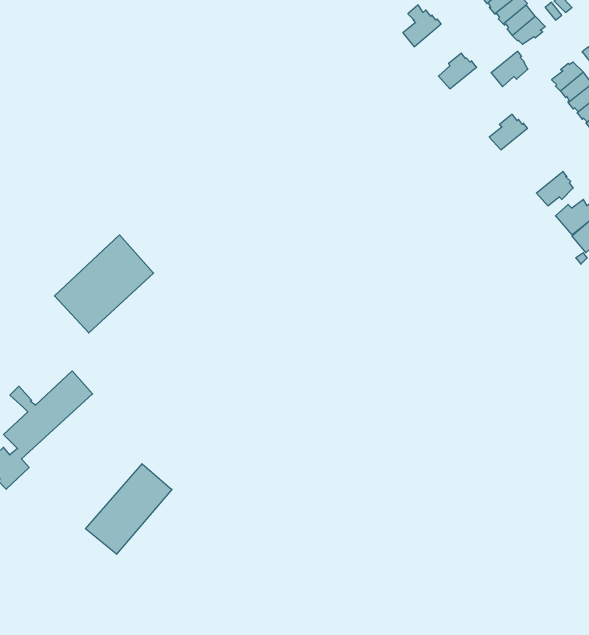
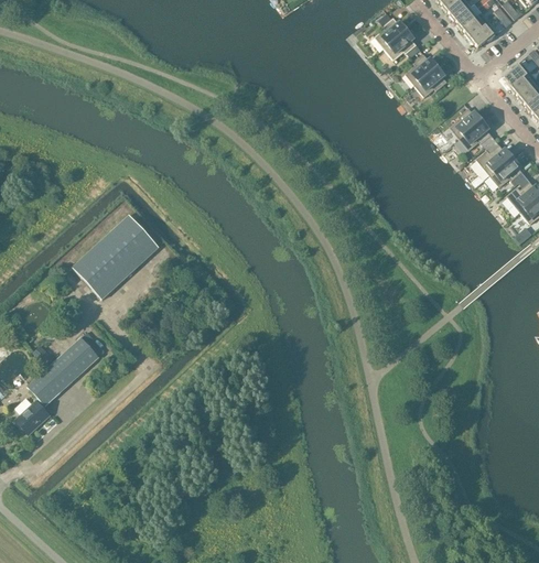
building: none -> [385,30,418,61]
building: [491,51,528,87] -> [416,67,448,98]
building: none -> [460,120,493,151]
building: none -> [476,145,514,176]
building: [86,464,172,554] -> none

